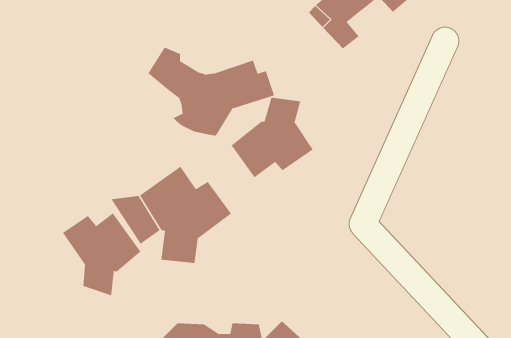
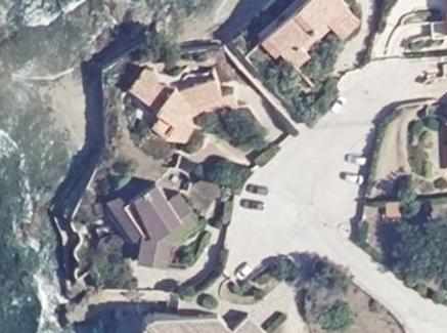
building: [231,97,314,178] -> none
building: [62,213,141,296] -> none

